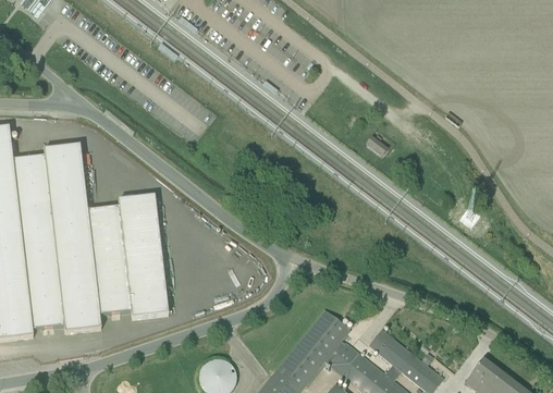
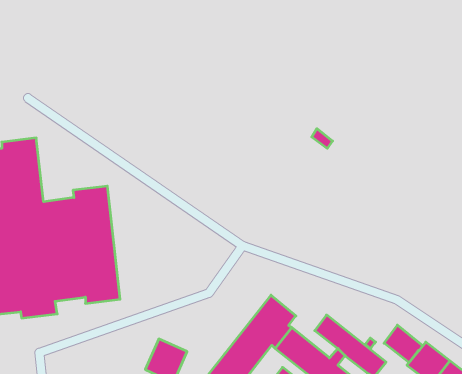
building: none -> [384,325,423,363]

